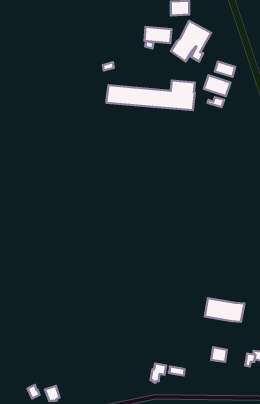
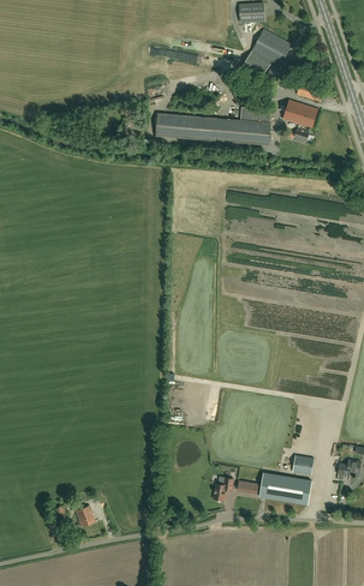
building: [144,27,171,43] -> none
building: [205,298,244,322] -> [259,473,311,504]

